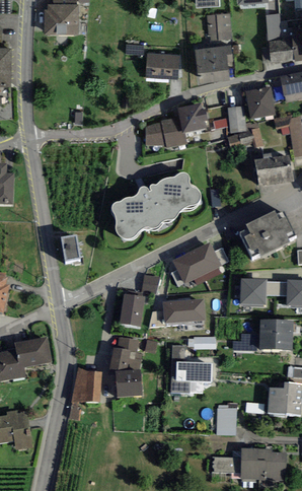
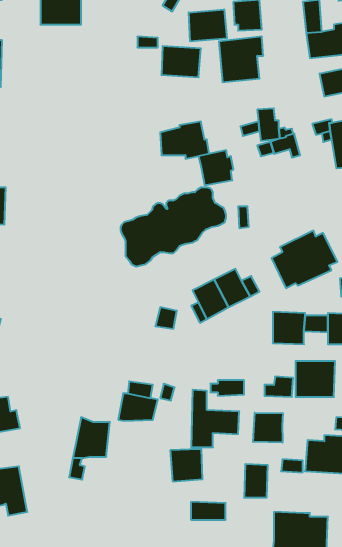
building: none -> [189,9,227,41]
building: [246,87,276,118] -> none
building: [177,102,207,132] -> [199,150,233,185]
building: [254,154,294,186] -> none
building: [61,234,80,260] -> none
building: [120,292,145,326] -> none
building: [162,297,206,323] -> none
building: [14,336,52,366] -> none
building: none -> [253,413,283,443]
building: [115,369,142,397] -> [170,449,203,481]
building: [212,457,241,472] -> [191,502,226,520]

